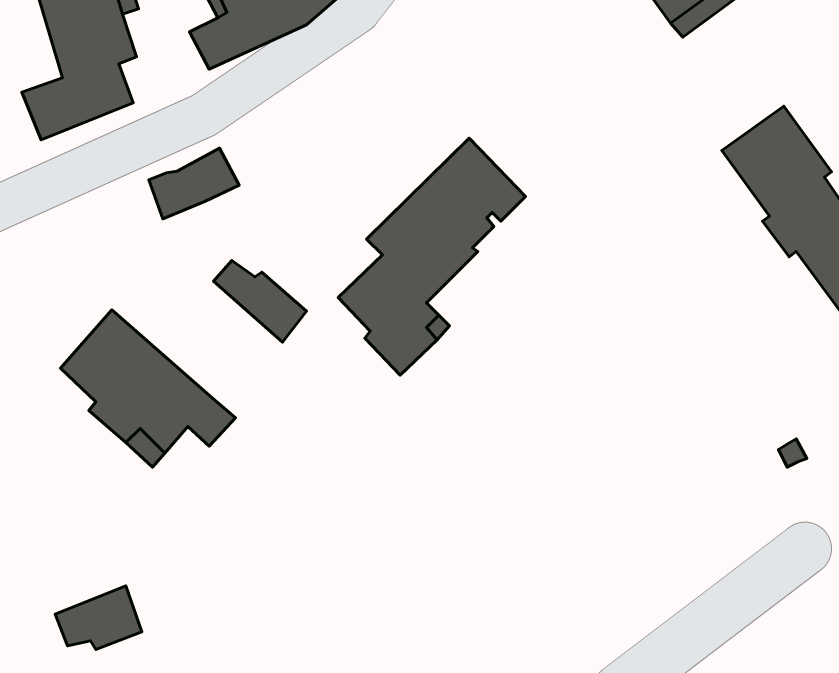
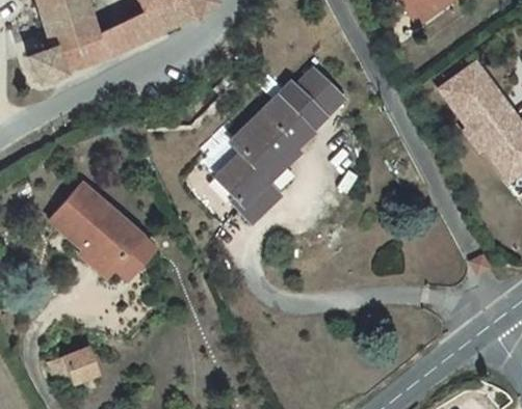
building: none -> [299,71,344,116]
building: [149,148,239,219] -> [87,20,140,61]
building: [214,260,307,342] -> none

